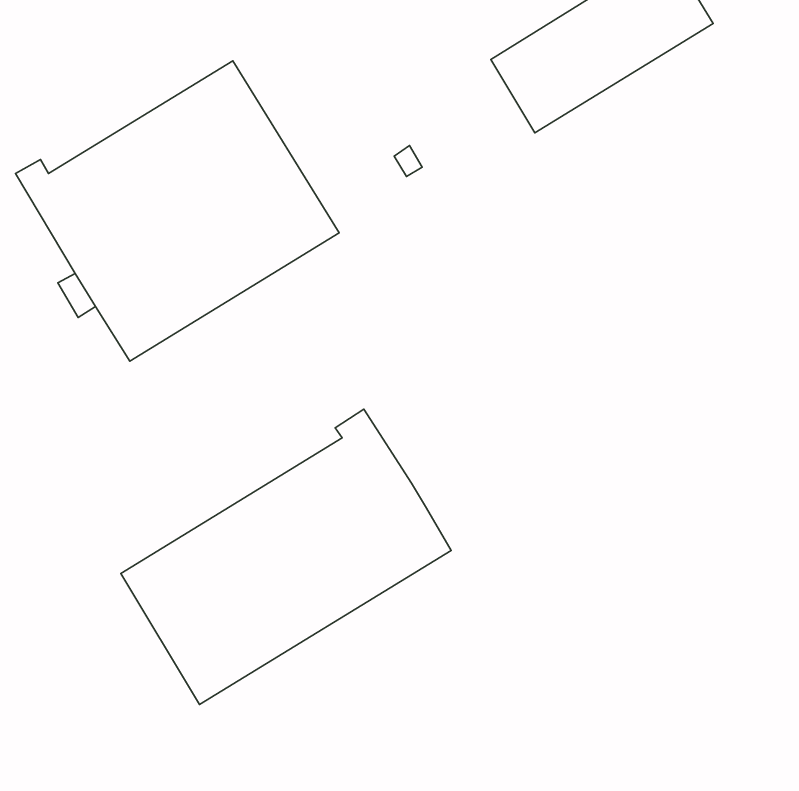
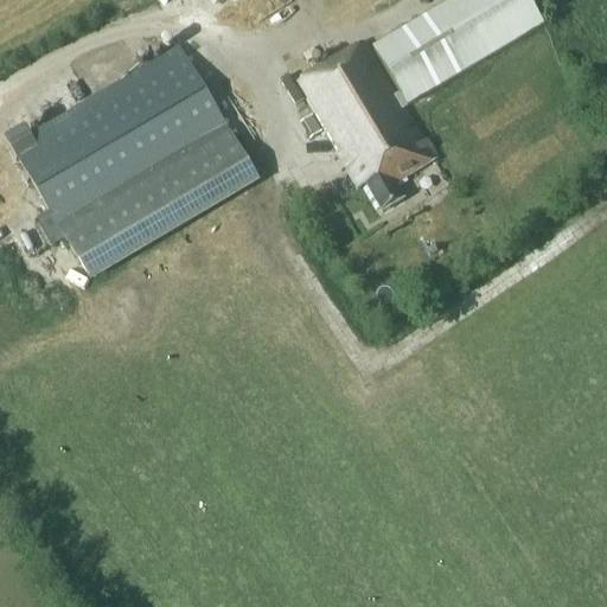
building: none -> [295,39,437,207]
building: [121,409,451,704] -> none

